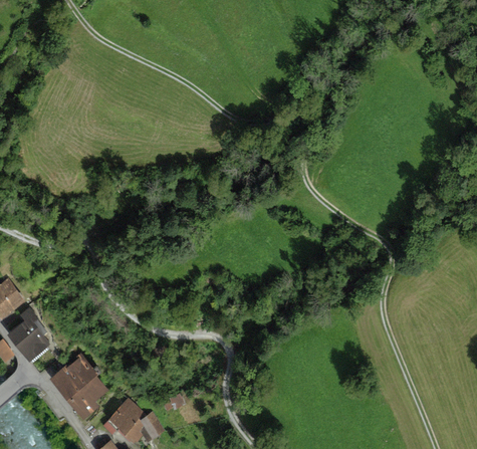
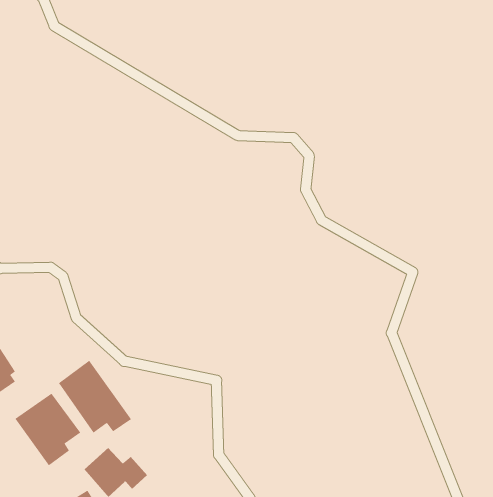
building: none -> [58,360,132,434]

